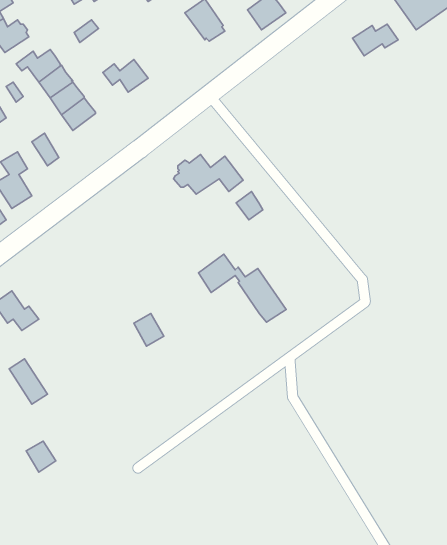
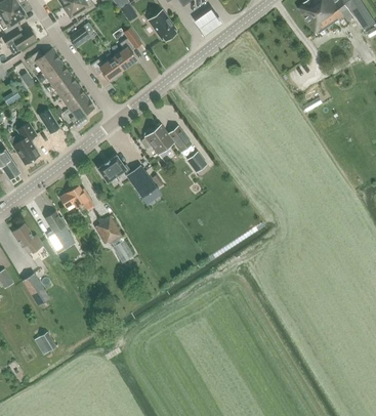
building: none -> [113,28,141,70]
building: [352,24,398,56] -> none
building: none -> [69,95,94,128]
building: none -> [59,184,94,211]
building: [198,254,286,322] -> [97,155,161,204]
building: none -> [44,211,71,253]
building: none -> [94,215,123,244]

